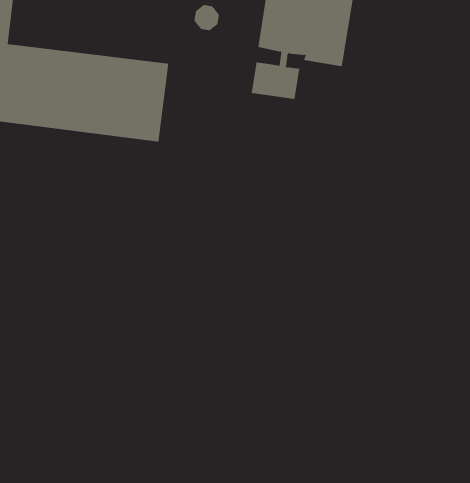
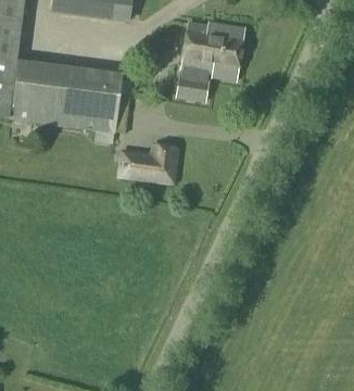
building: none -> [119,143,177,181]

